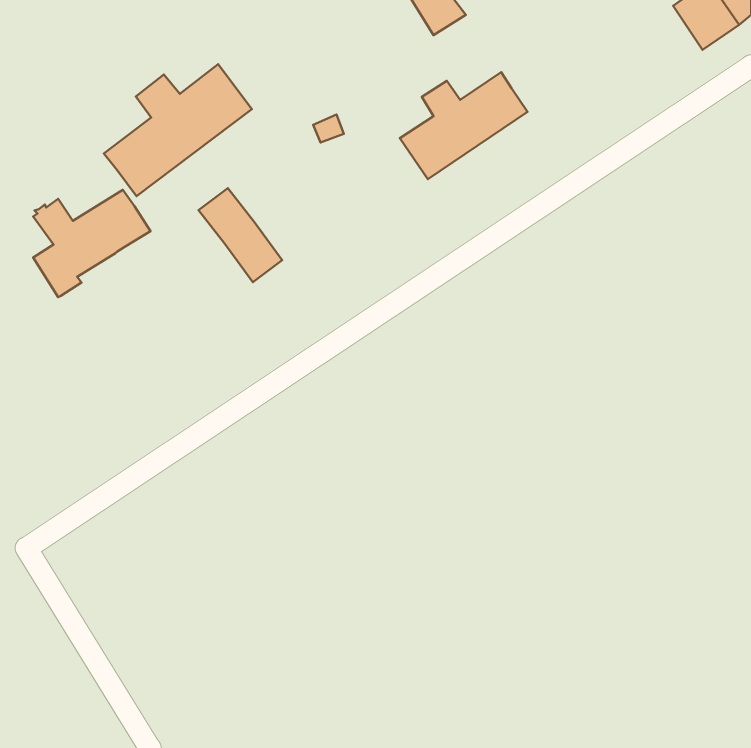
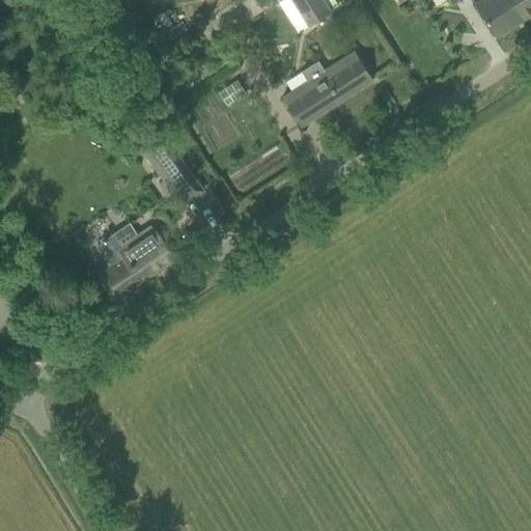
building: [104,64,252,196] -> none
building: [33,190,151,297] -> [96,224,179,300]

